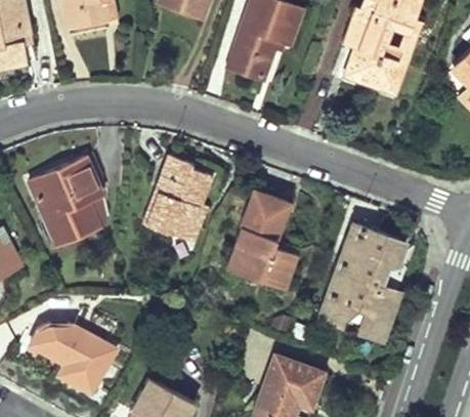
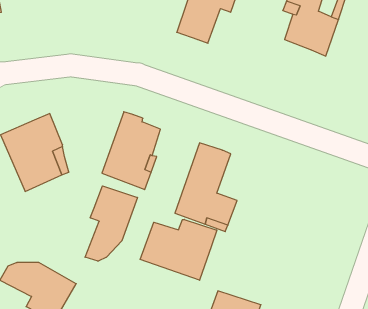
building: [321,224,402,339] -> none
building: none -> [85,186,137,261]
building: none -> [140,219,217,280]

